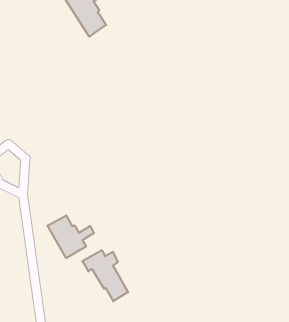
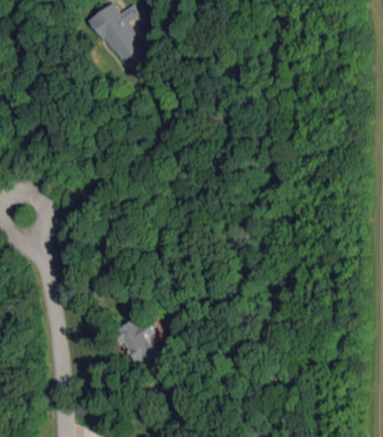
building: [47,215,94,258] -> none

